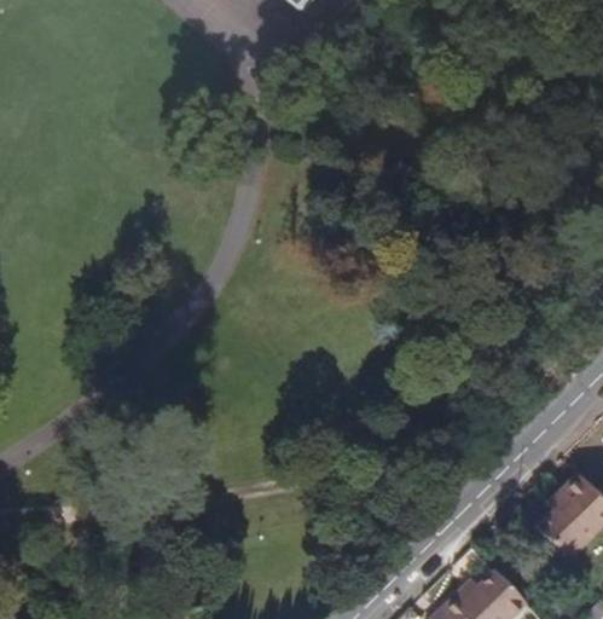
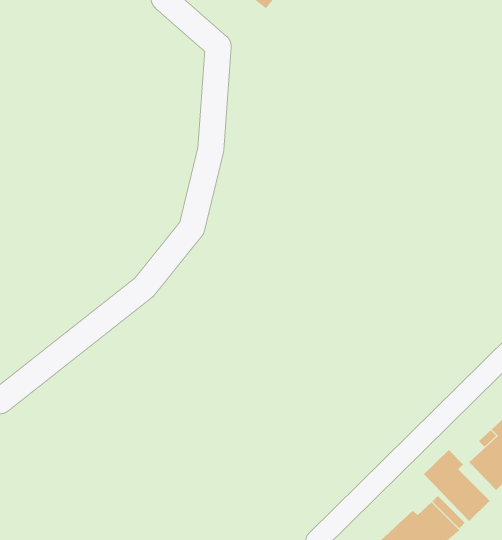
building: none -> [423,449,490,522]

